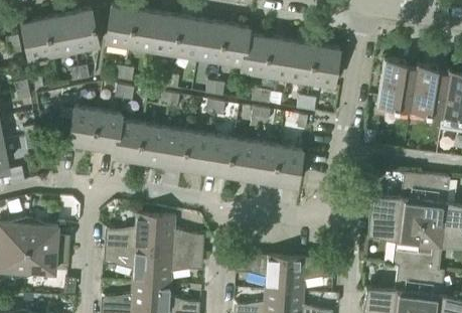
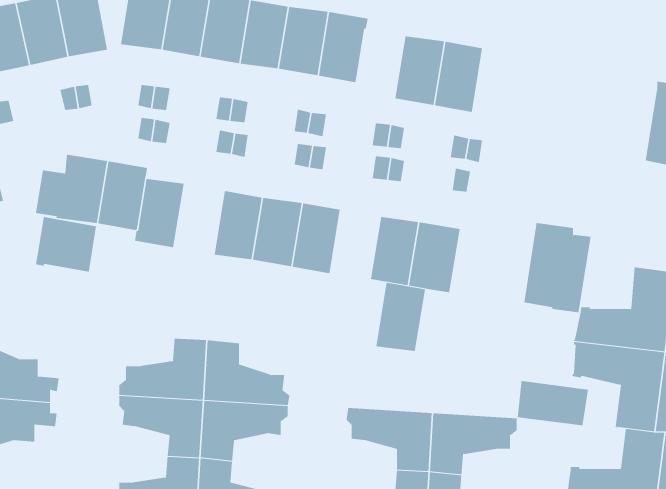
building: [242,34,271,74] -> none
building: [310,45,340,87] -> none
building: [377,59,417,112] -> [524,222,591,313]
building: [137,124,166,165] -> none
building: [227,139,257,179] -> [375,282,426,352]
building: none -> [35,216,97,273]
building: none -> [517,380,589,426]

